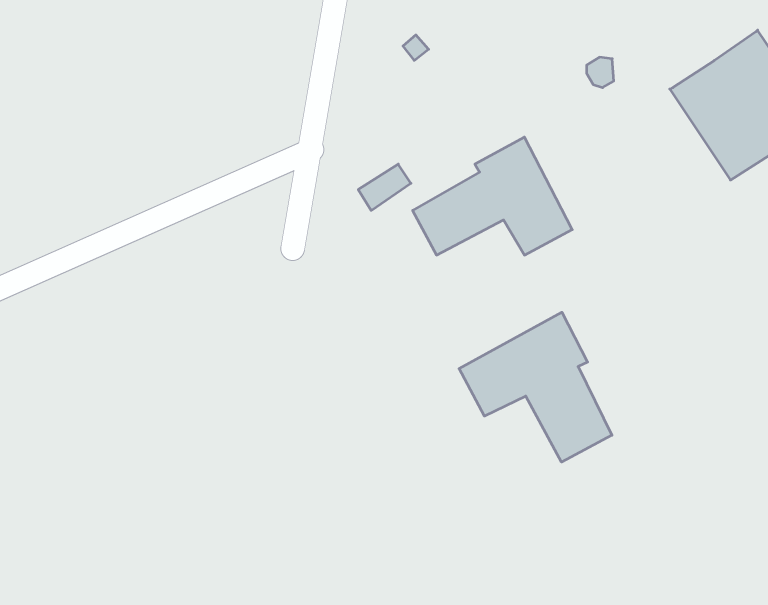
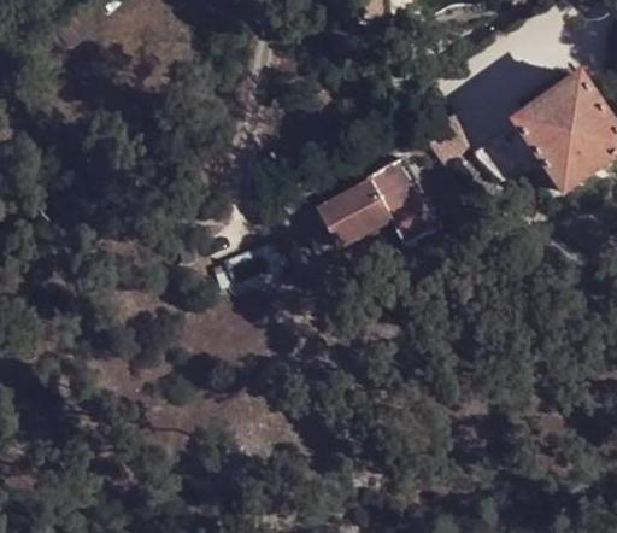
building: [459,312,612,462] -> none

